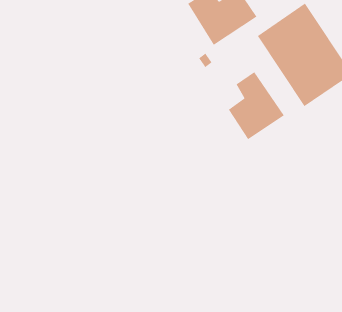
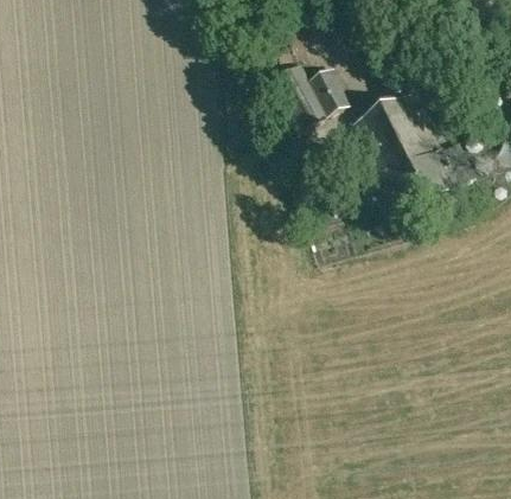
building: [228,71,285,140] -> none

